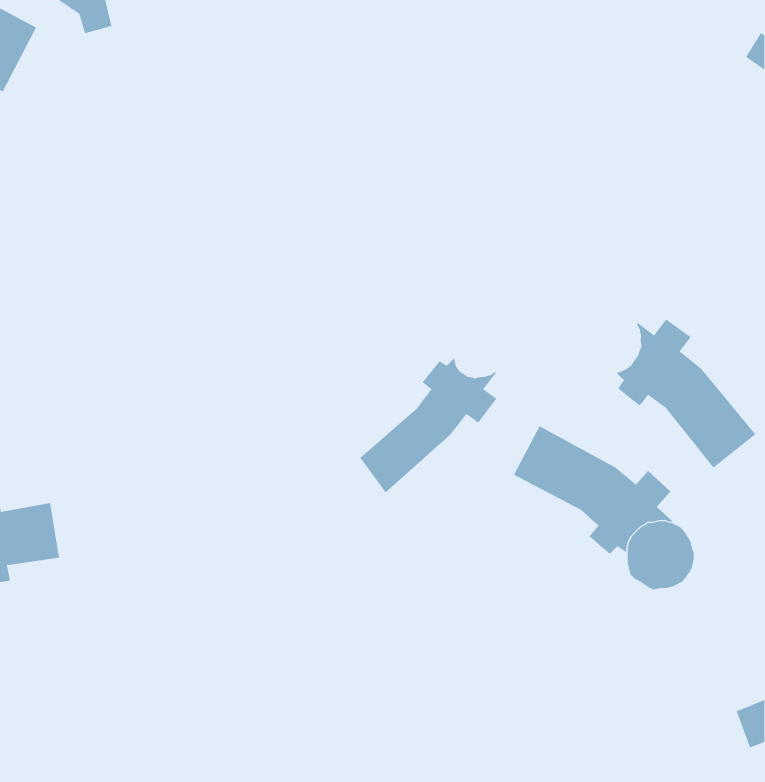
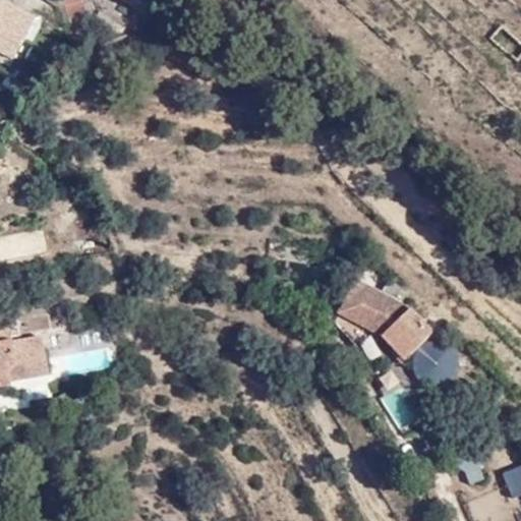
building: [616,318,756,468] -> none
building: [360,357,497,493] -> none

